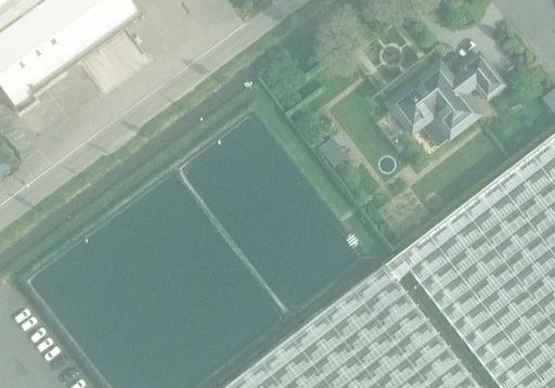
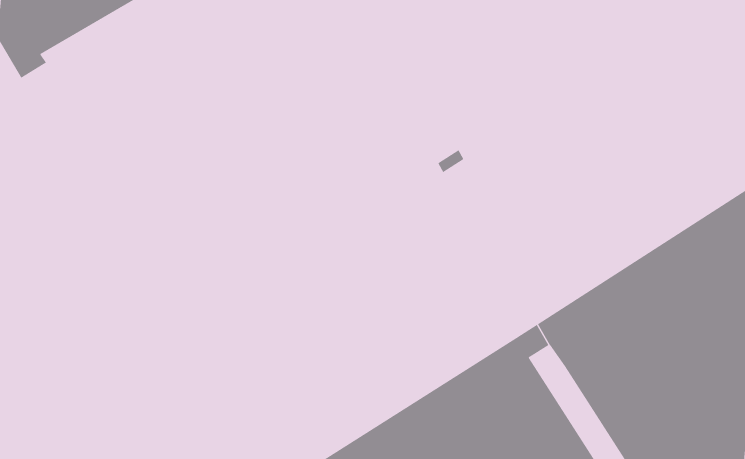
building: [389,55,504,139] -> none

